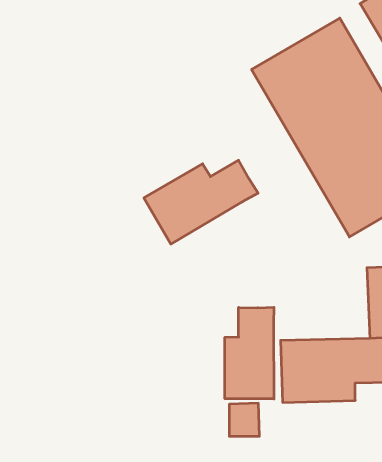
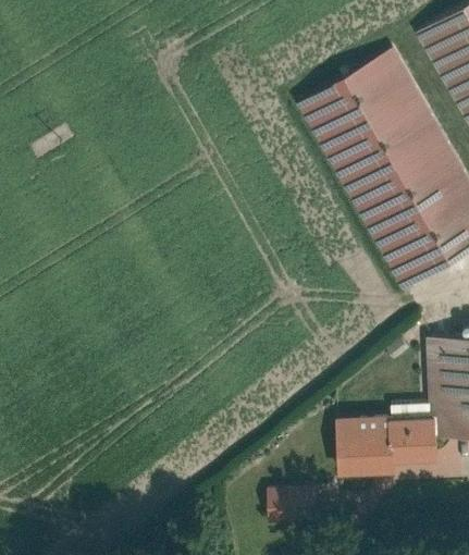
building: [144,160,258,244] -> none
building: [225,307,274,399] -> none

